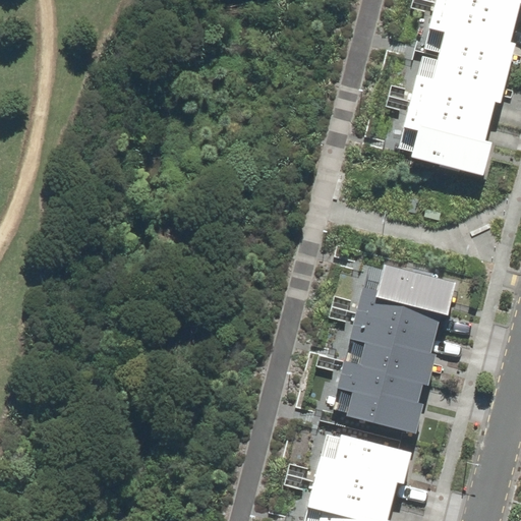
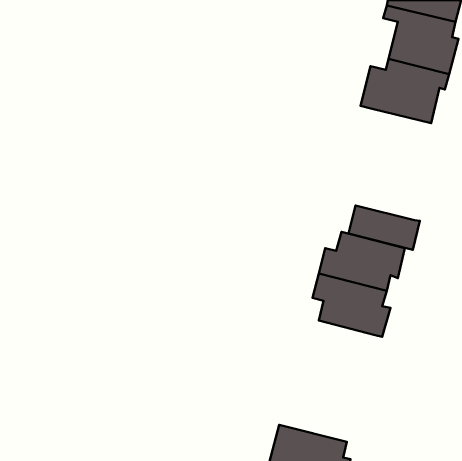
building: [410,124,490,174] -> [348,206,420,250]
building: [338,358,426,430] -> none
building: [313,429,411,499] -> none

